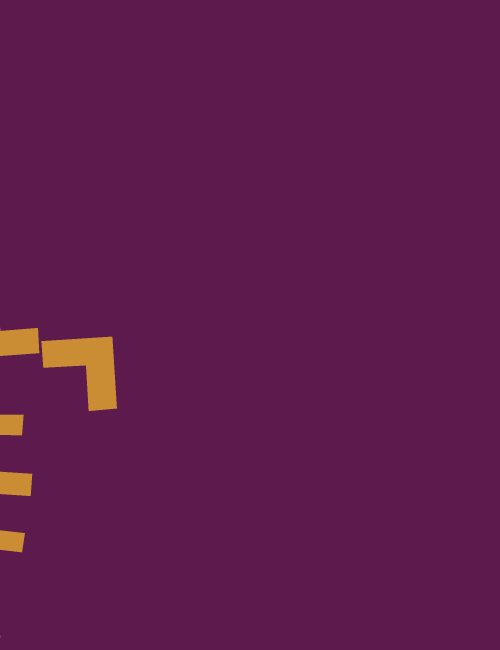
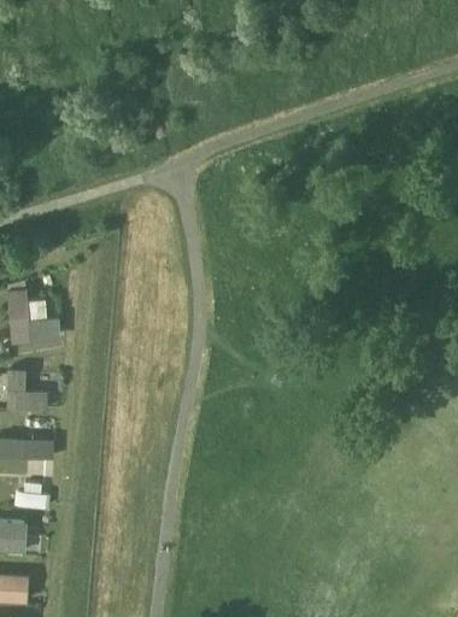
building: [41,336,118,412] -> none

